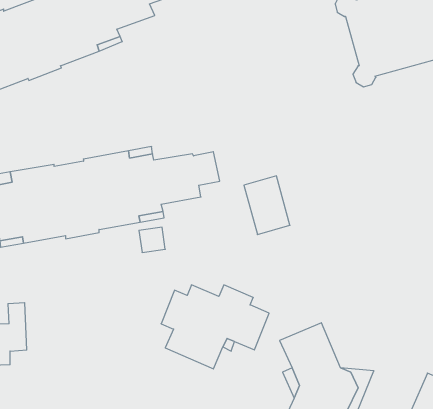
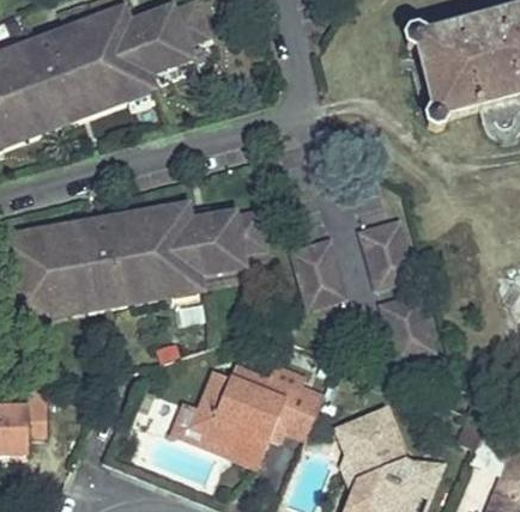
building: none -> [363,219,416,286]
building: none -> [383,293,436,359]
building: none -> [171,401,259,464]

